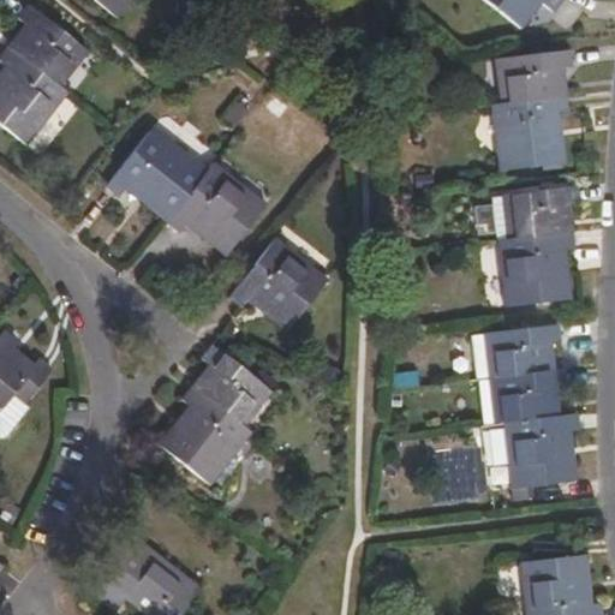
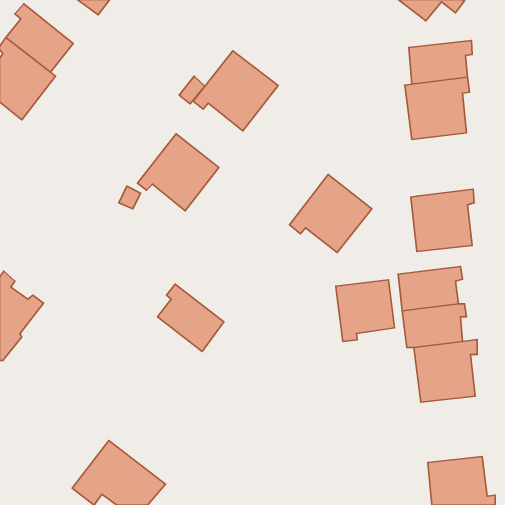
building: [107,125,210,222] -> [193,51,278,131]
building: [502,185,579,238] -> none
building: [229,235,329,330] -> [290,174,372,253]
building: none -> [336,280,394,341]
building: [156,384,251,484] -> none

